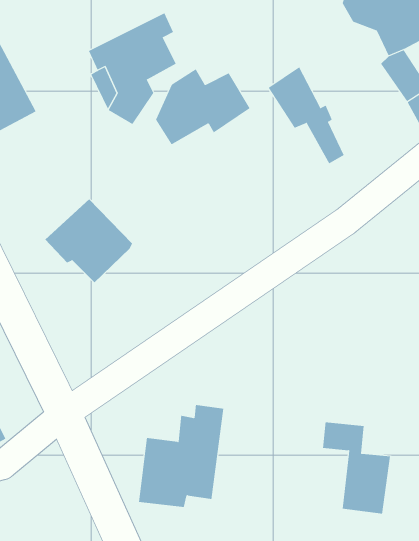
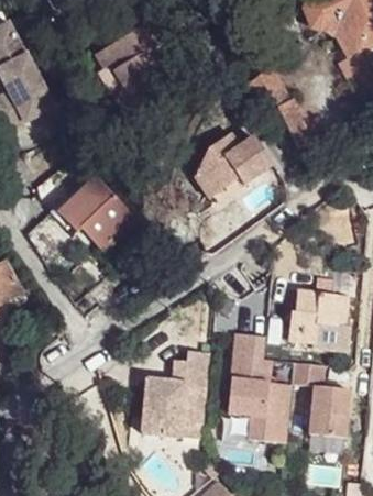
building: [155,69,250,145] -> [191,132,271,196]
building: none -> [290,285,350,352]
building: none -> [226,334,290,444]

